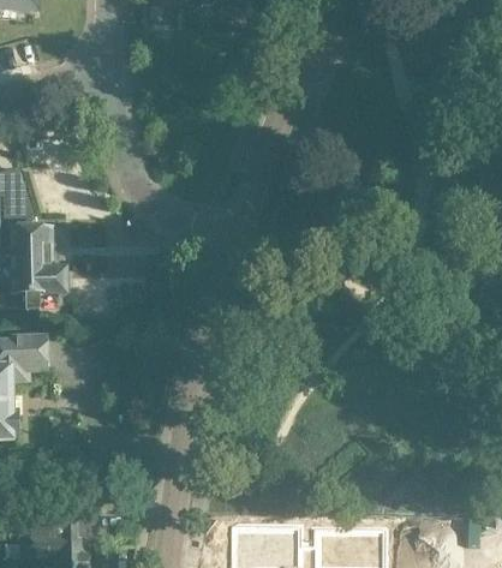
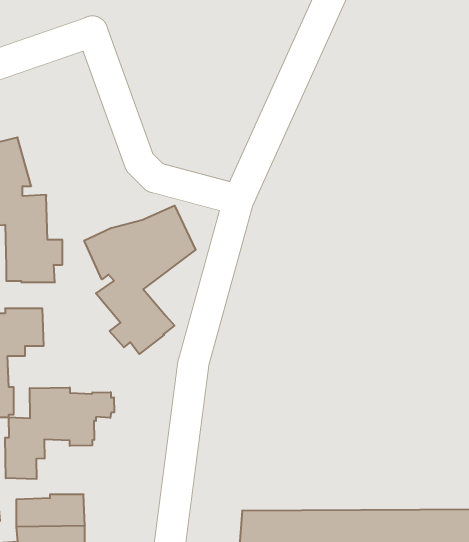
building: none -> [84,206,196,354]
building: none -> [5,387,114,479]

